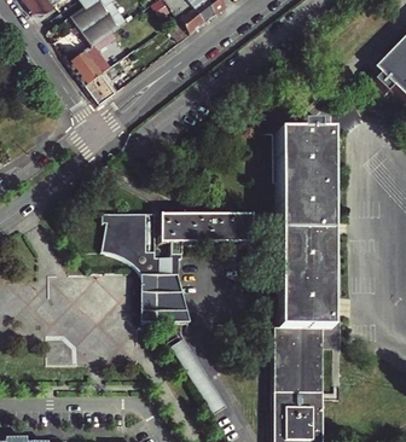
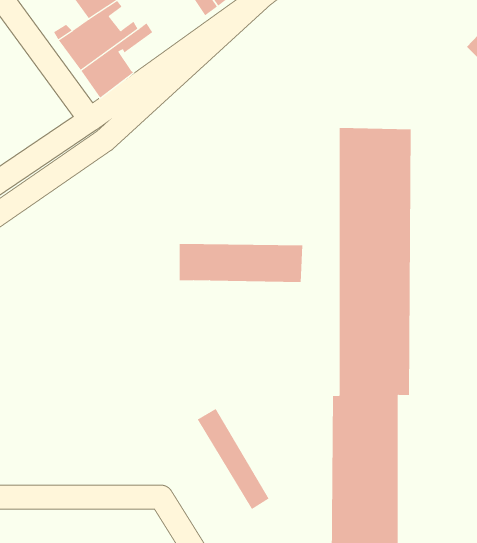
building: [103,211,190,320] -> none

